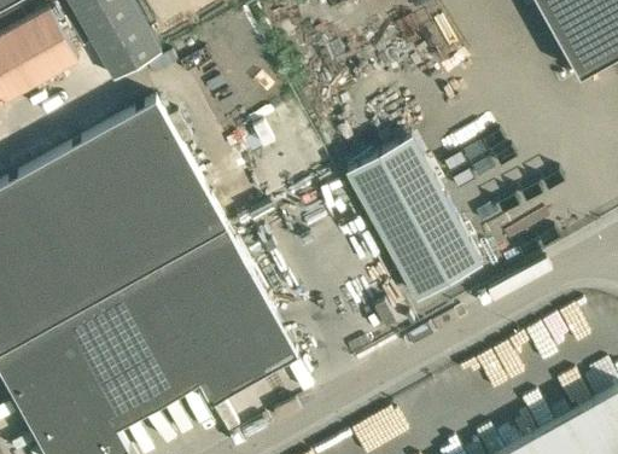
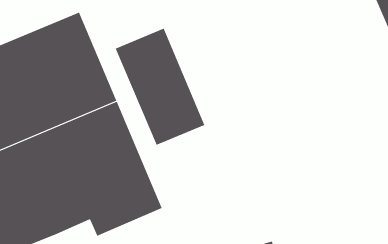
building: [348,139,482,301] -> [115,28,205,146]

